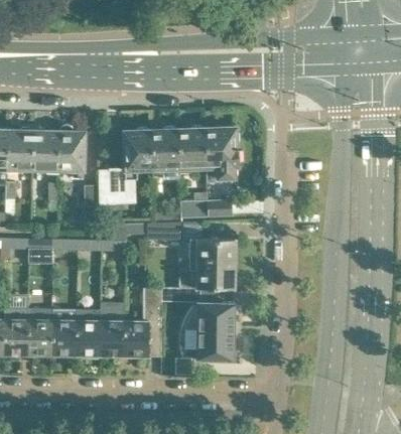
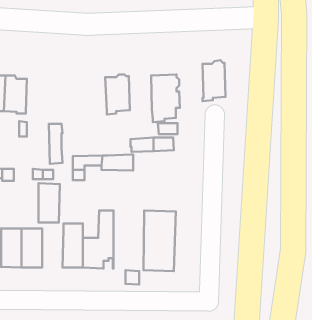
building: [56,125,83,178] -> none
building: [178,125,206,173] -> [203,60,225,101]
building: [108,128,152,193] -> none
building: [178,240,235,289] -> none
building: [76,309,101,355] -> [38,183,60,222]

